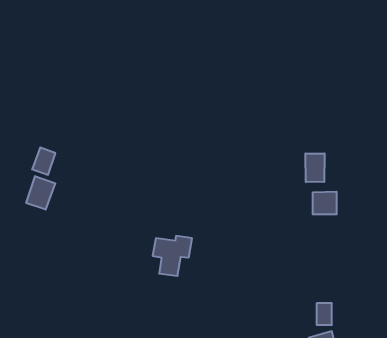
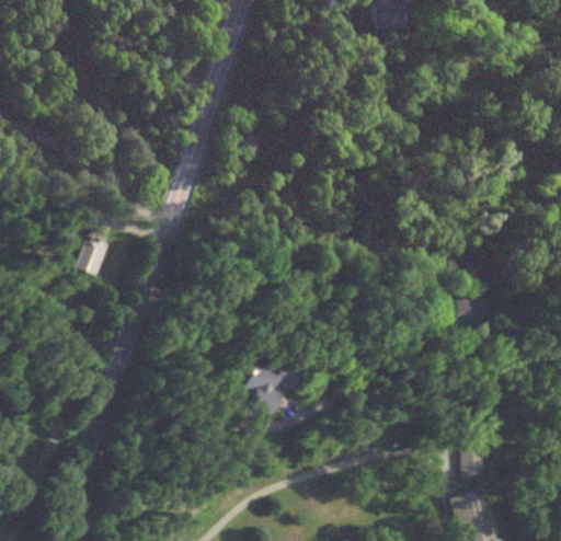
building: [305,153,325,182] -> none
building: [26,176,55,210] -> none

